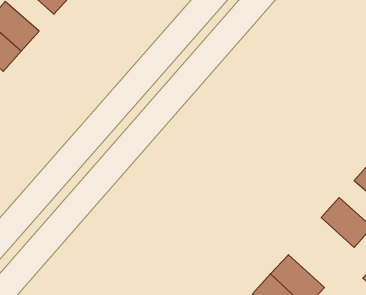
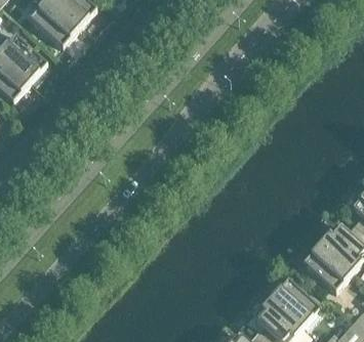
building: none -> [302,244,352,292]

